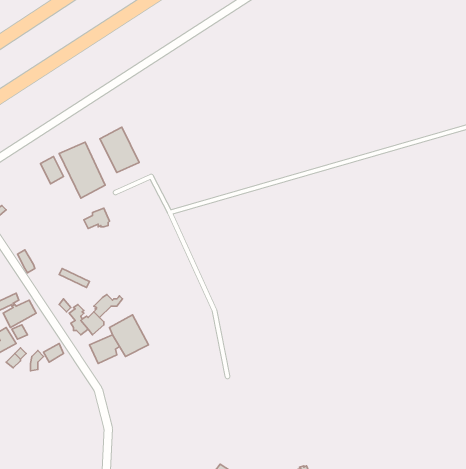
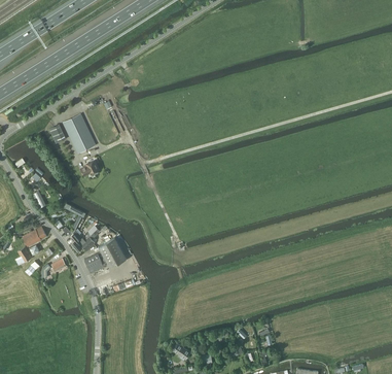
building: [100,127,139,172] -> none

